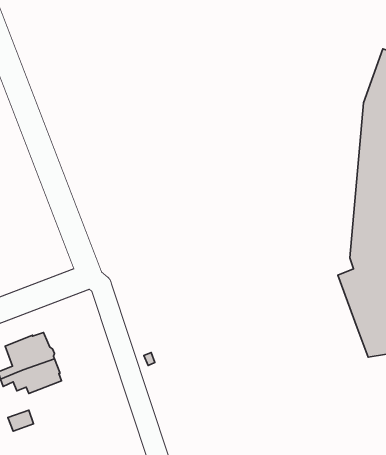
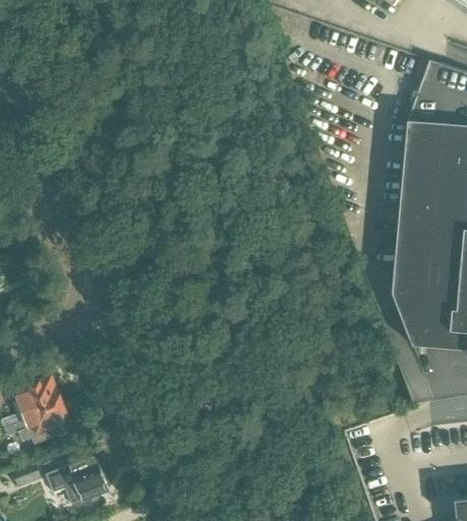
building: none -> [47,456,109,504]

